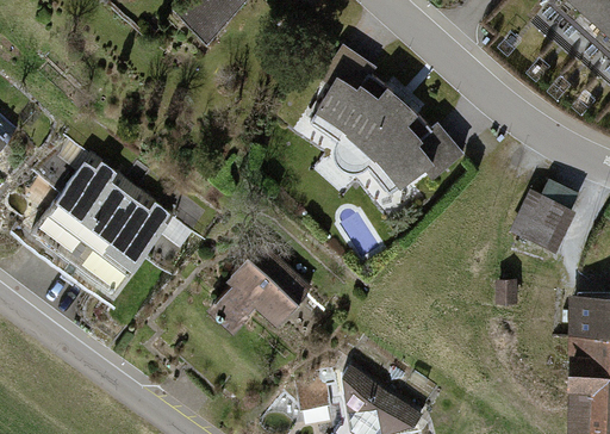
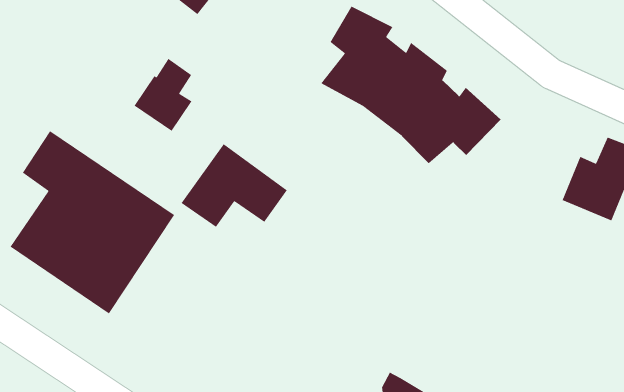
building: none -> [133,58,192,132]
building: [205,259,300,333] -> [180,143,288,228]

